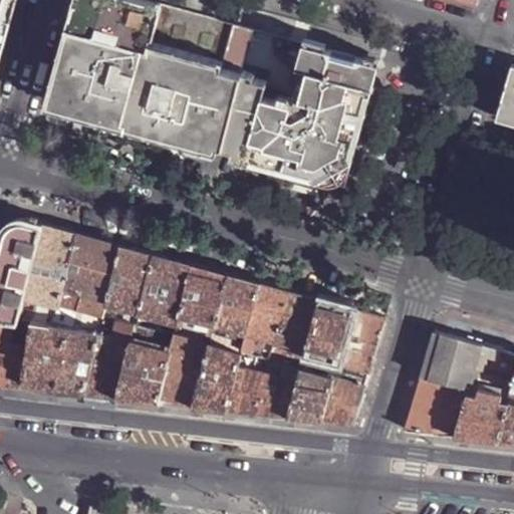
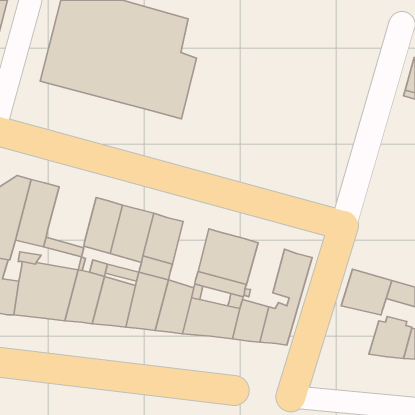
building: [221,28,377,189] -> none
building: [58,234,117,301] -> none
building: [211,276,255,337] -> none
building: [301,302,347,363] -> none
building: [402,379,465,439] -> none

